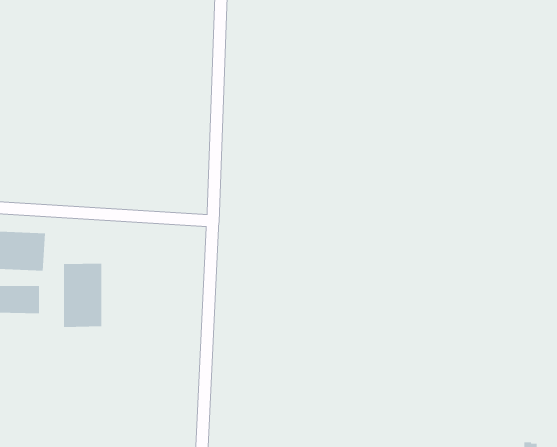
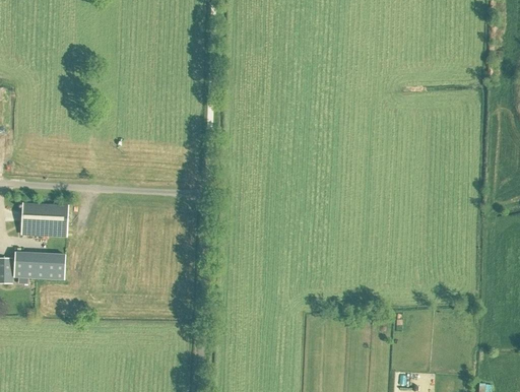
building: [63,263,102,328] -> none

